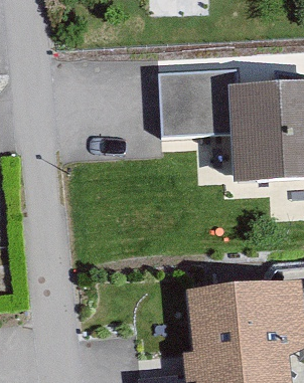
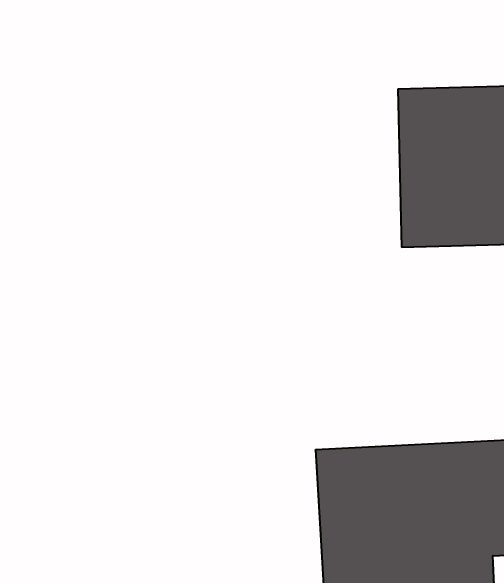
building: [153,73,215,134] -> none

